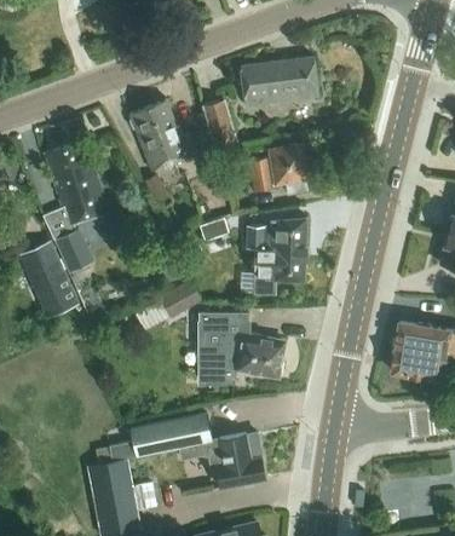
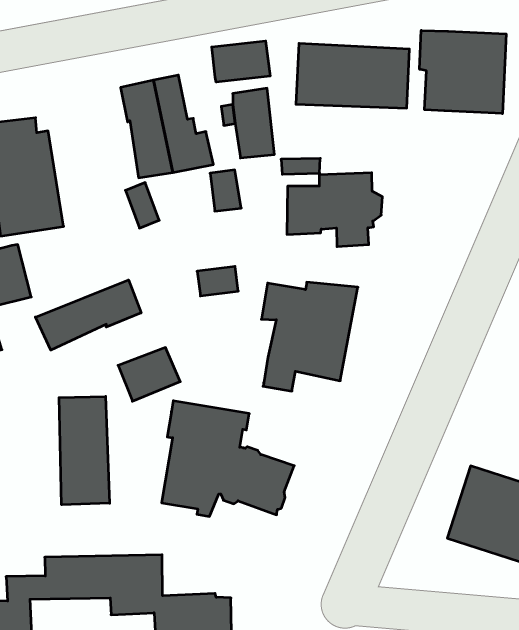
building: none -> [420,30,506,114]
building: none -> [212,41,270,82]
building: none -> [35,280,141,350]
building: none -> [59,396,110,505]

